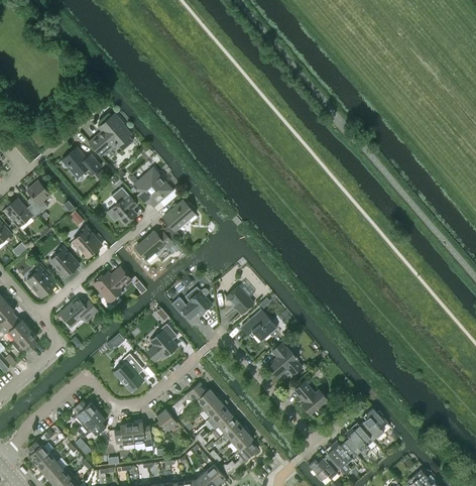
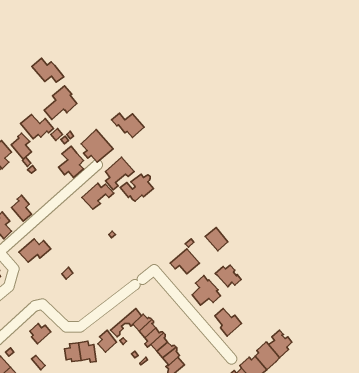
building: none -> [32,58,64,82]
building: none -> [112,113,144,137]
building: [73,227,97,258] -> [11,133,31,159]
building: [94,268,131,302] -> none
building: [226,286,253,315] -> [205,227,228,251]
building: [171,287,212,320] -> [120,174,154,201]
building: [147,324,176,361] -> none
building: none -> [215,265,241,287]
building: [114,354,143,391] -> none
building: [76,410,106,439] -> none

